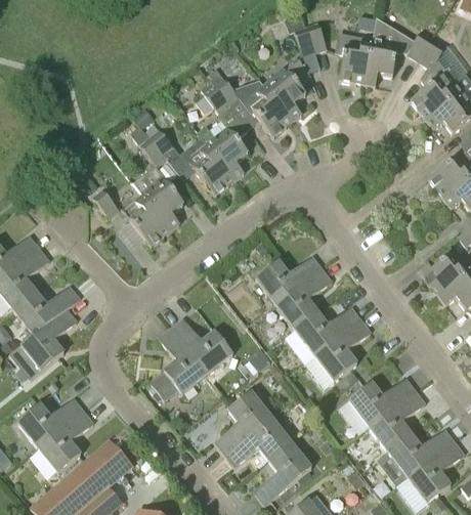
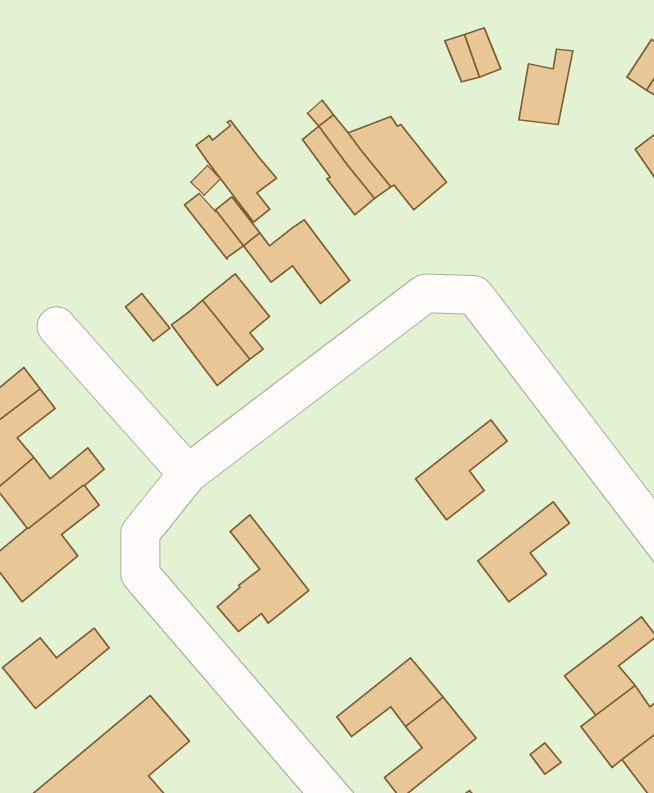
building: [363,17,408,85] -> none
building: [265,59,309,119] -> none
building: [198,117,248,180] -> [196,121,276,222]
building: [254,255,322,304] -> none
building: [294,306,360,355] -> none
building: [171,317,233,374] -> none
building: [348,377,416,427] -> none
building: [215,390,271,453] -> none
building: [37,410,93,472] -> none

